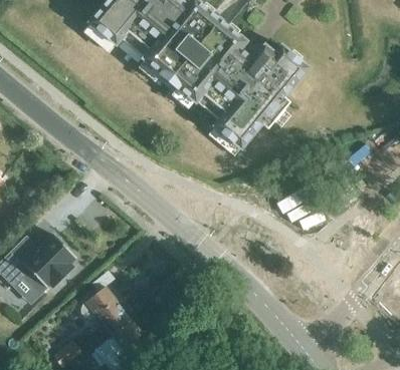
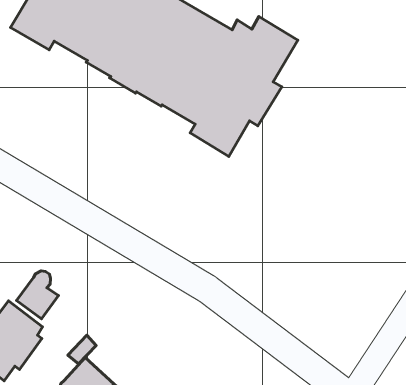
building: none -> [17,271,58,319]

